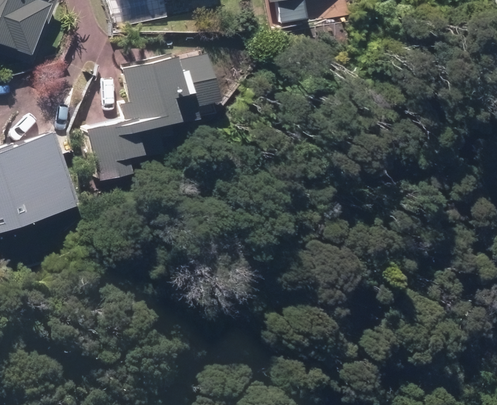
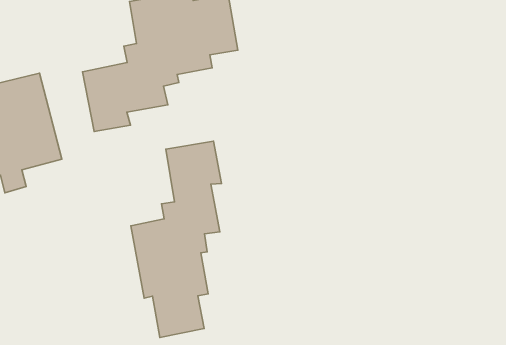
building: none -> [131,141,221,337]

